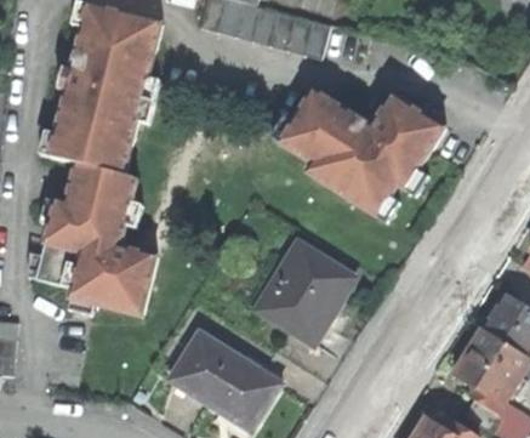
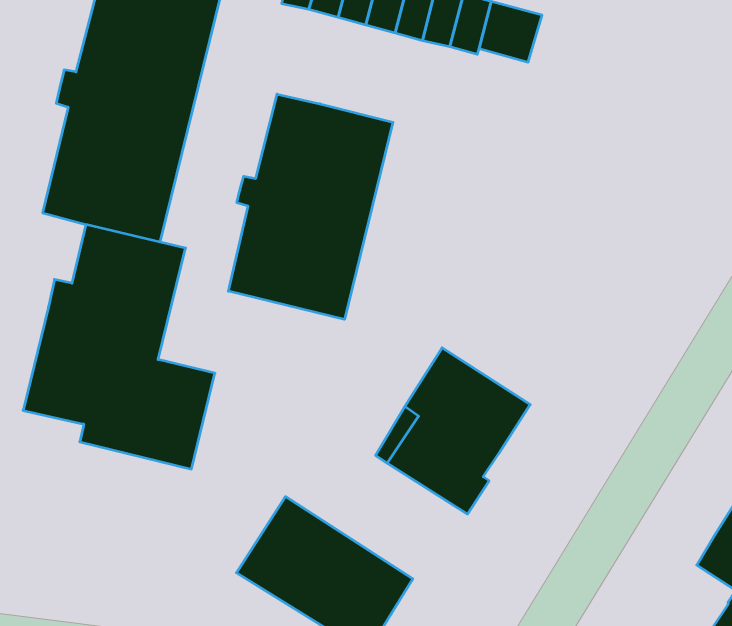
building: none -> [228,94,393,319]
building: [277,86,441,215] -> none

